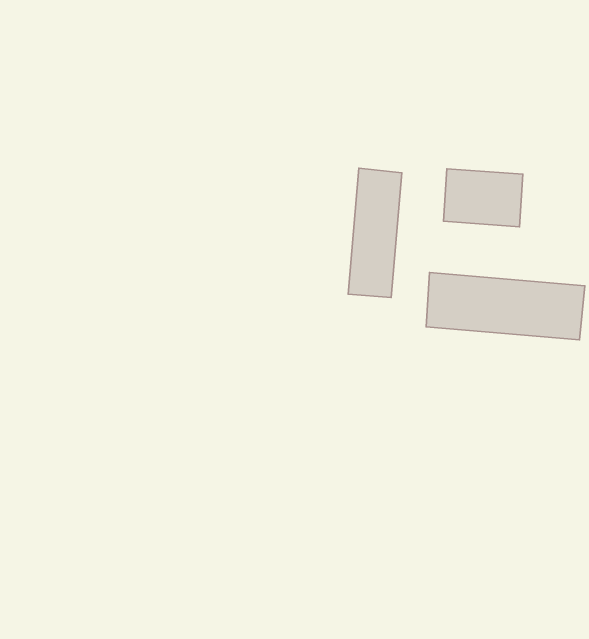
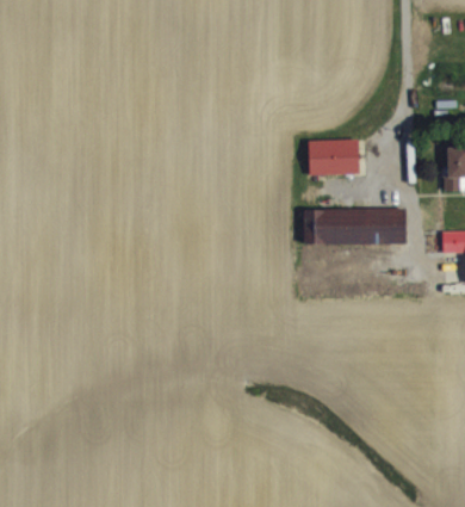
building: [348,168,402,297] -> none

